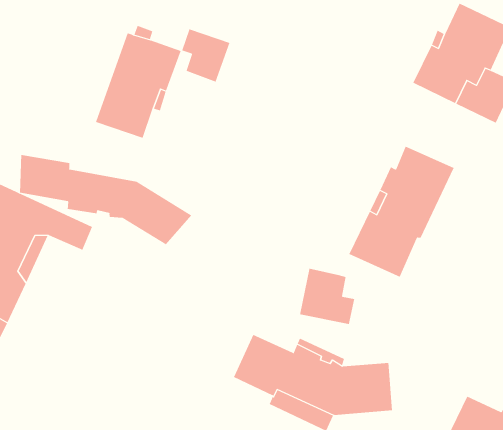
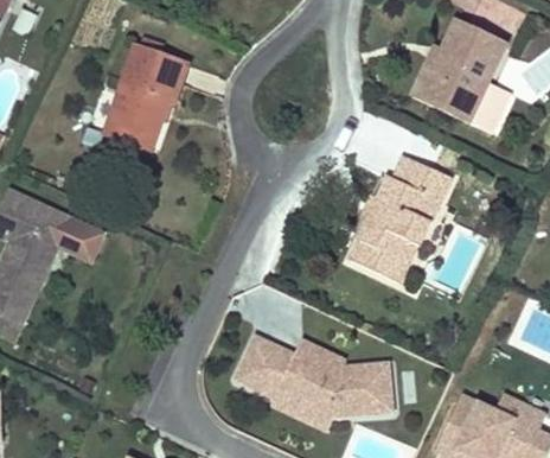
building: [181,28,230,83] -> none
building: [19,154,192,245] -> none
building: [300,268,355,325] -> none

